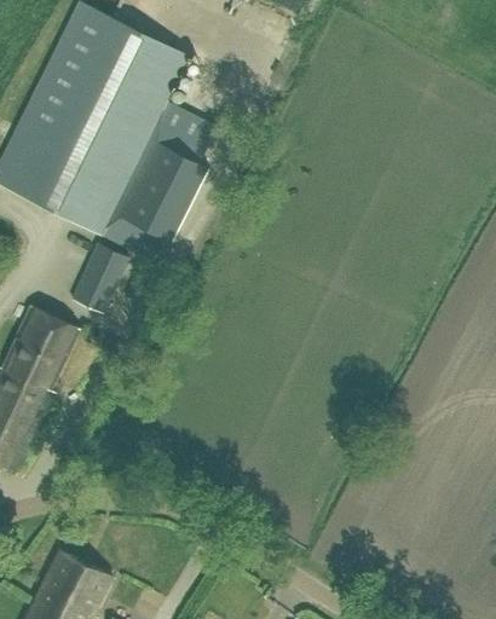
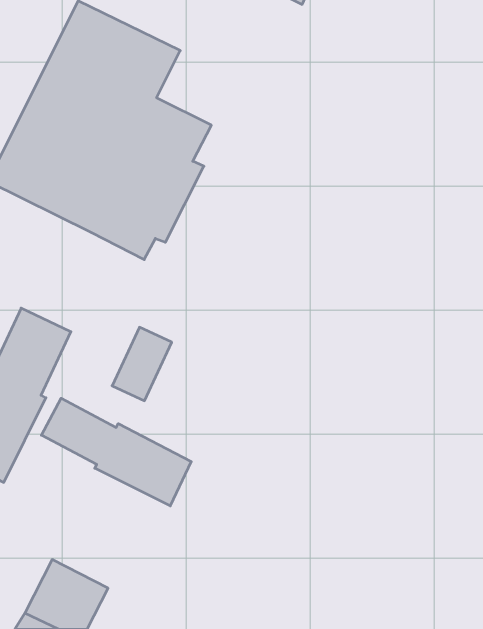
building: [70,242,128,313] -> [112,327,172,401]
building: none -> [41,398,191,506]

